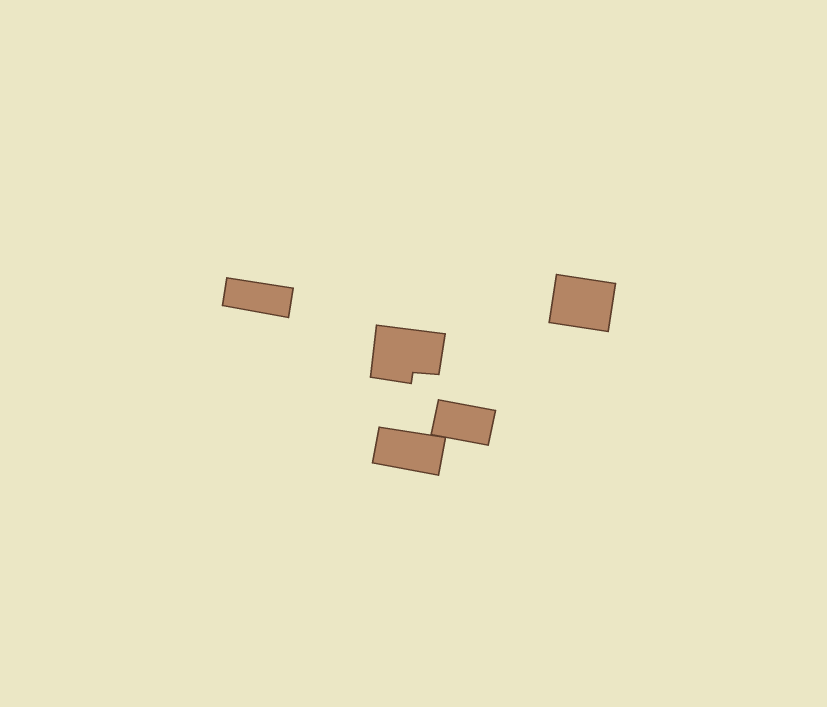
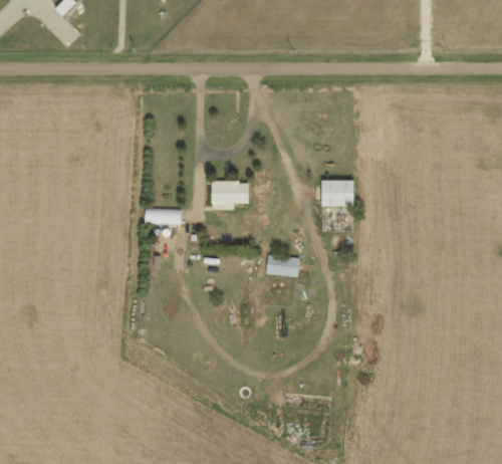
building: [370,325,445,383] -> [211,181,248,210]
building: [372,427,446,475] -> none

